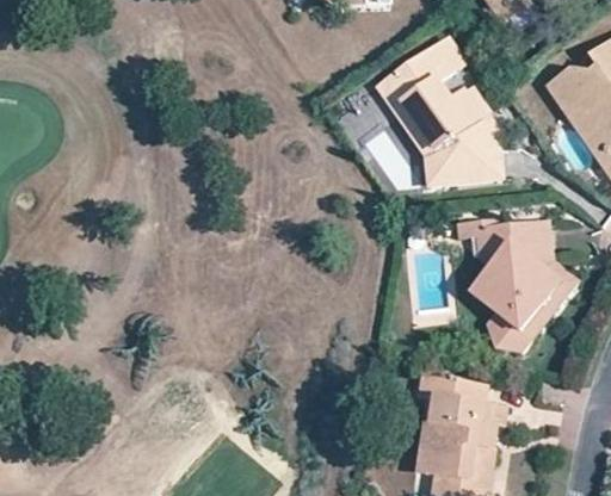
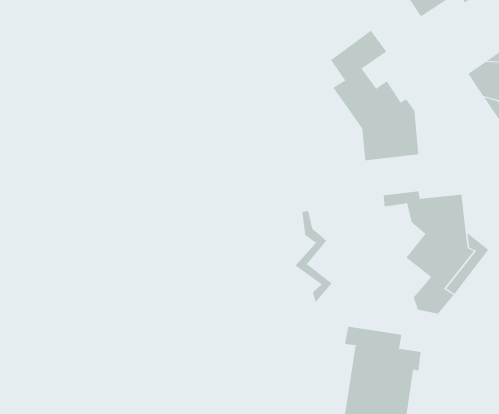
building: [377,70,437,184] -> none
building: [468,230,510,334] -> [295,211,332,304]

